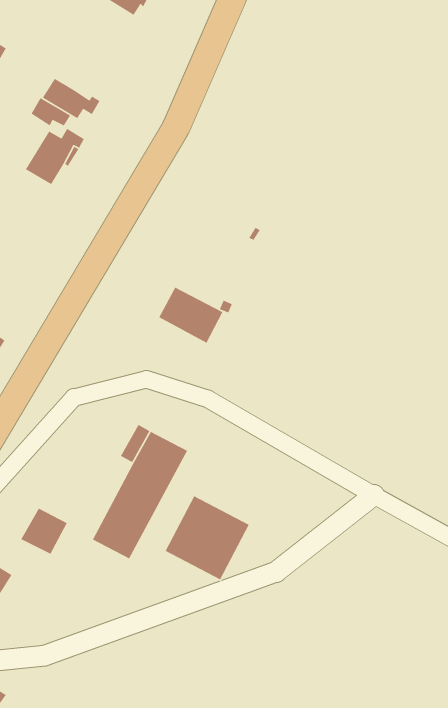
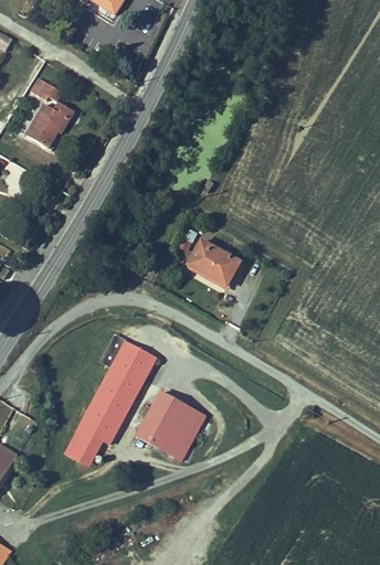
building: [42,78,101,119] -> none
building: [158,287,224,344] -> [188,241,240,286]
building: [20,507,68,555] -> [65,427,103,465]

